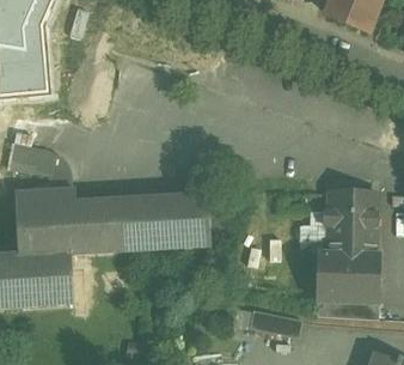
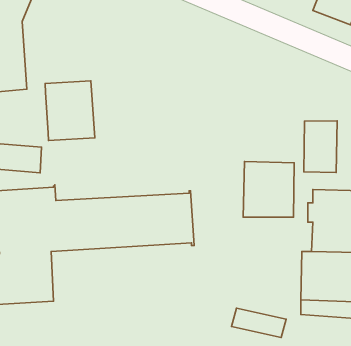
building: none -> [45,81,95,141]
building: none -> [304,121,337,173]
building: none -> [243,162,294,217]

